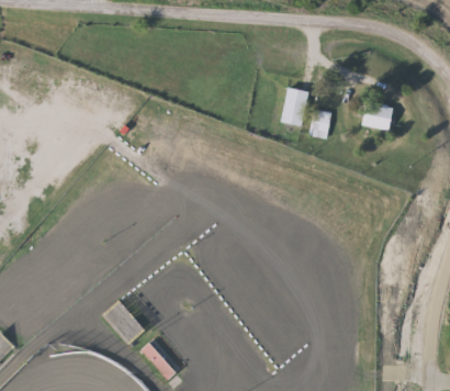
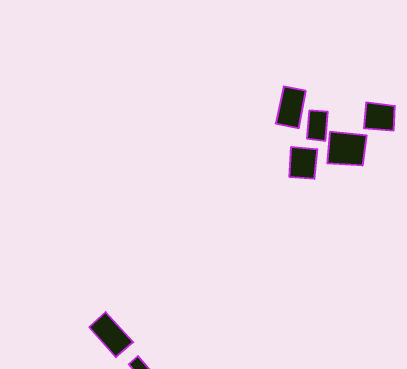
building: none -> [327,132,366,166]
building: none -> [290,147,317,179]

